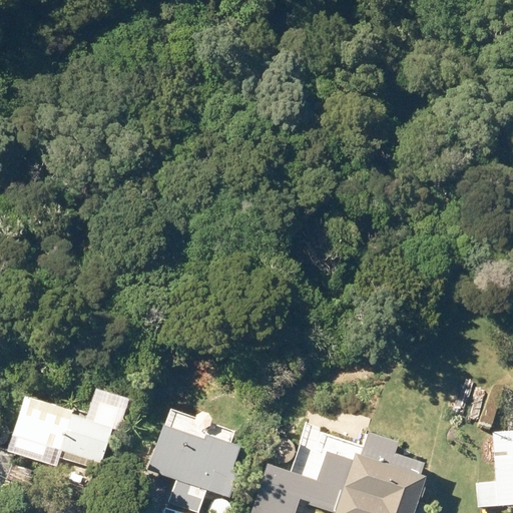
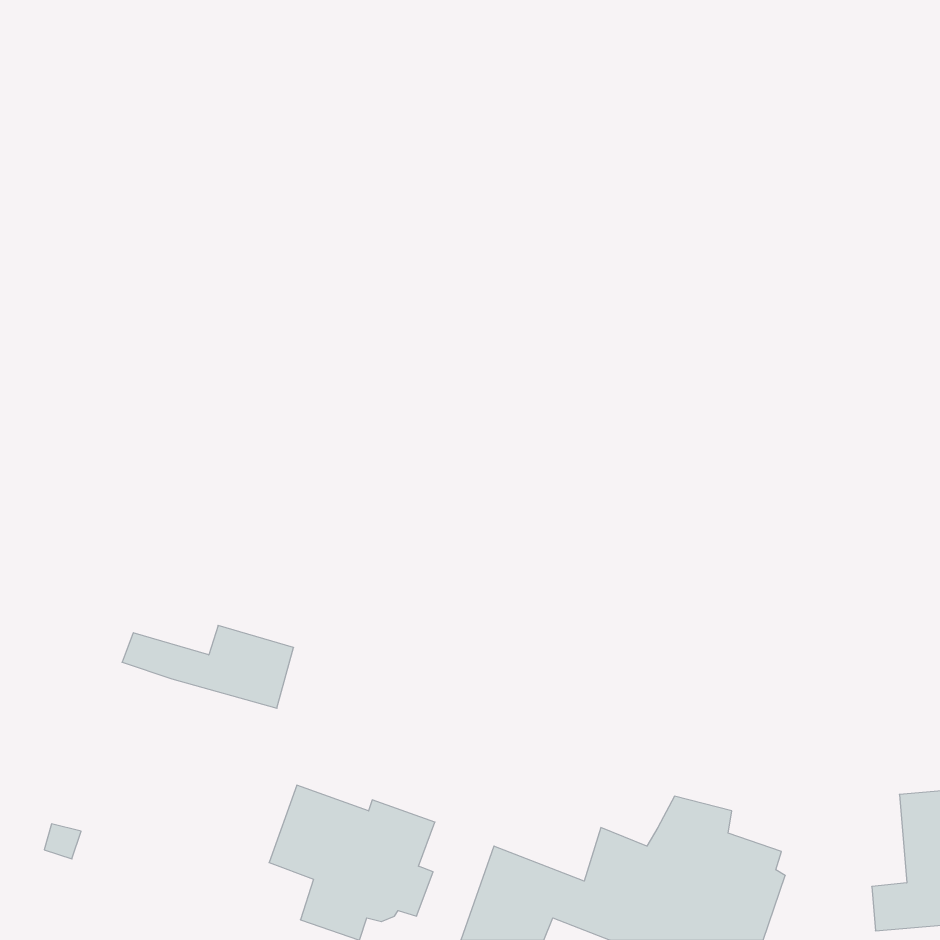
building: [20,412,113,457] -> [122,625,294,708]

